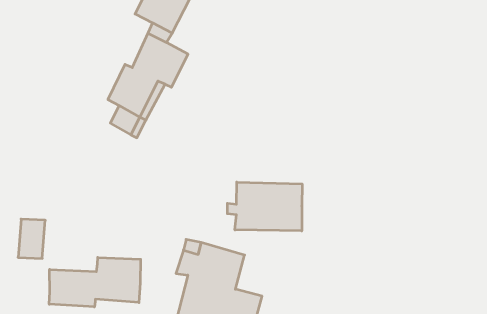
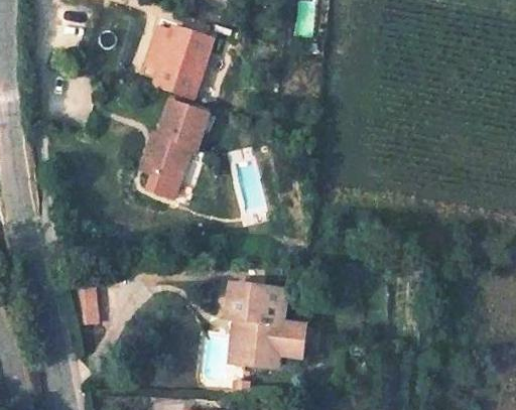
building: [227,182,302,231] -> none
building: [49,257,141,307] -> none

